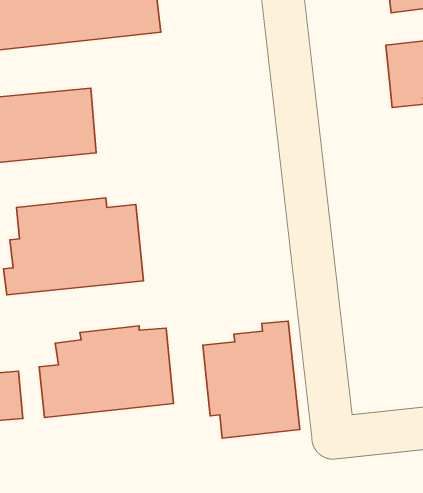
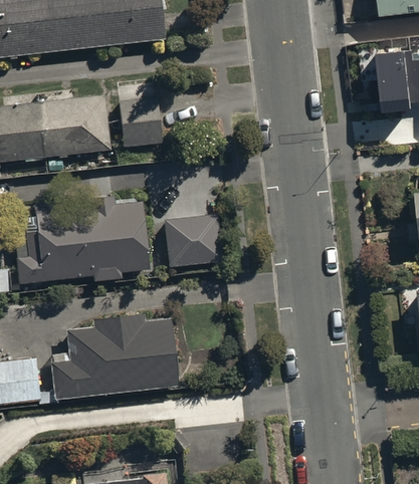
building: none -> [117,94,160,148]
building: none -> [152,214,223,271]
building: [203,321,300,438] -> none

